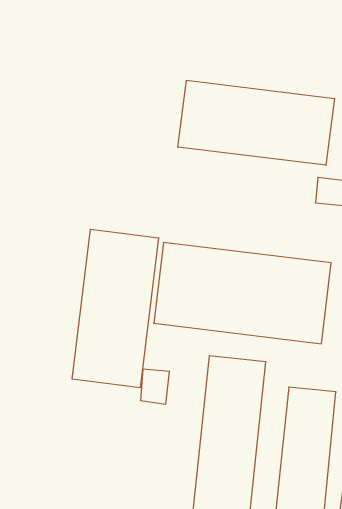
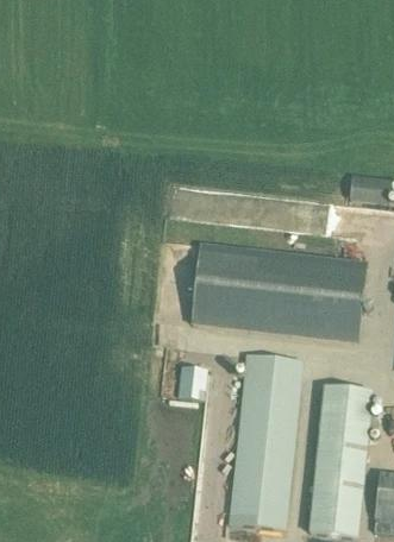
building: [178,80,334,165] -> none
building: [72,229,159,388] -> none

